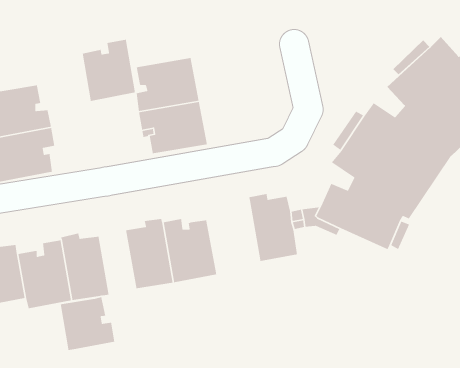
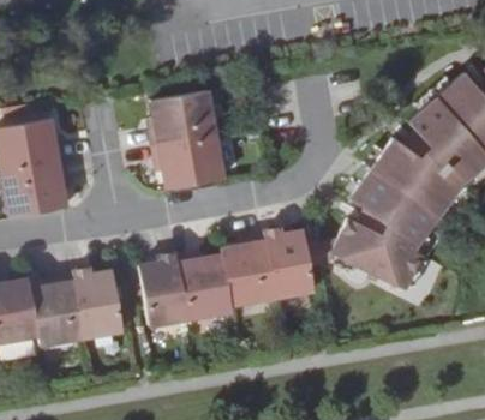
building: [82,39,136,102] -> none
building: none -> [221,235,276,305]
building: [60,296,115,351] -> none

